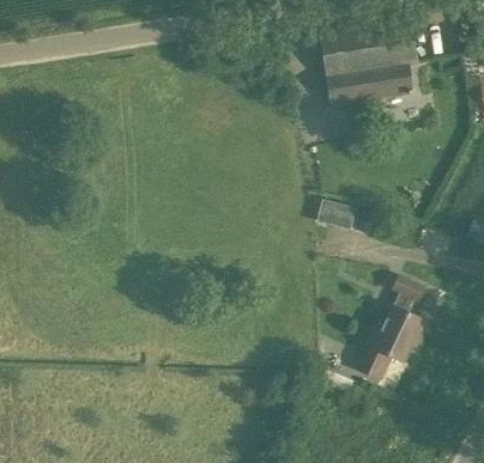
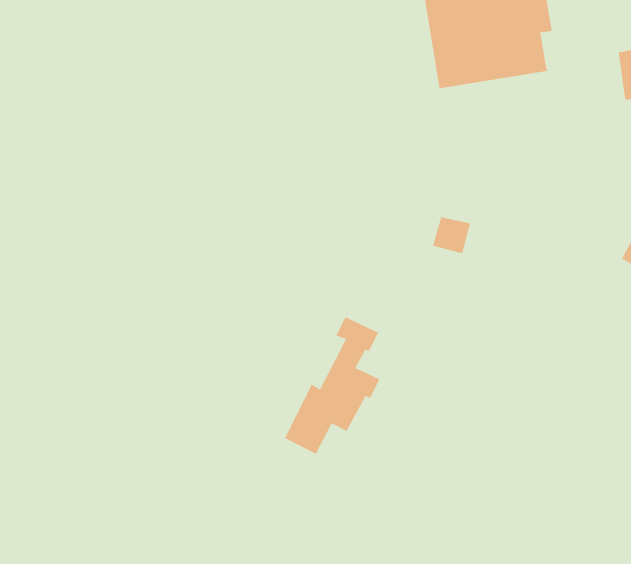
building: [358,276,430,379] -> [284,317,380,454]

